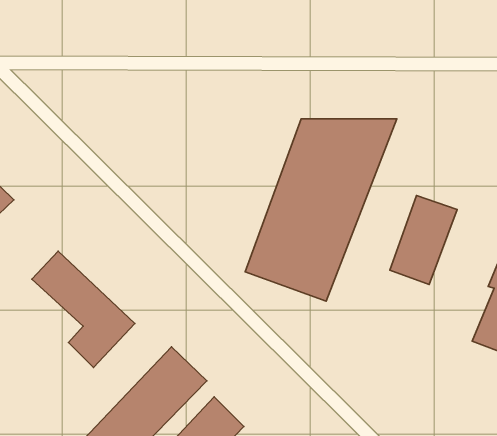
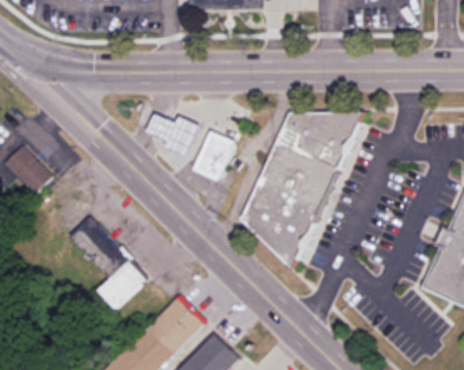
building: none -> [143,112,200,157]
building: none -> [191,129,236,181]
building: [390,196,457,284] -> none

